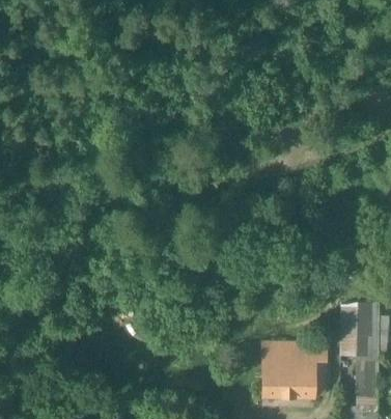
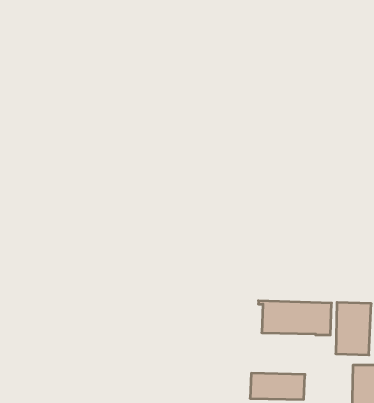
building: [260,344,327,375] -> [258,301,332,335]

